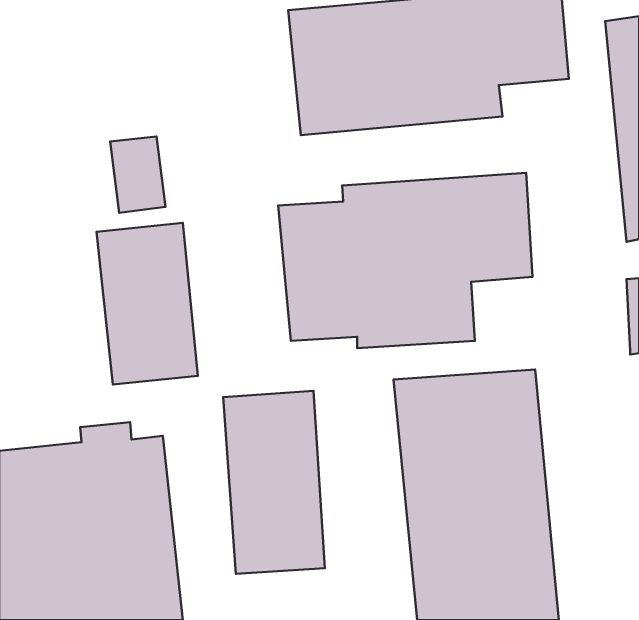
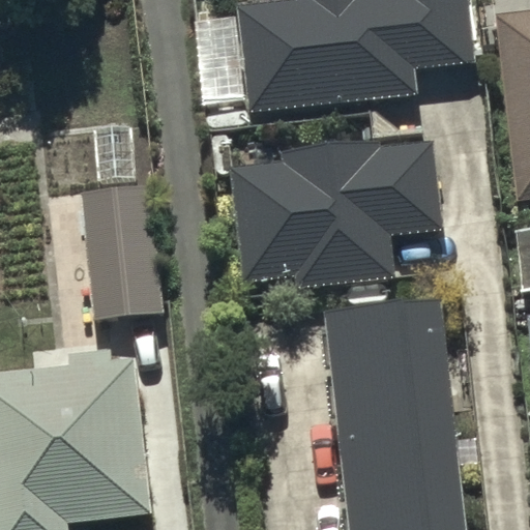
building: [223,391,325,574] -> none

